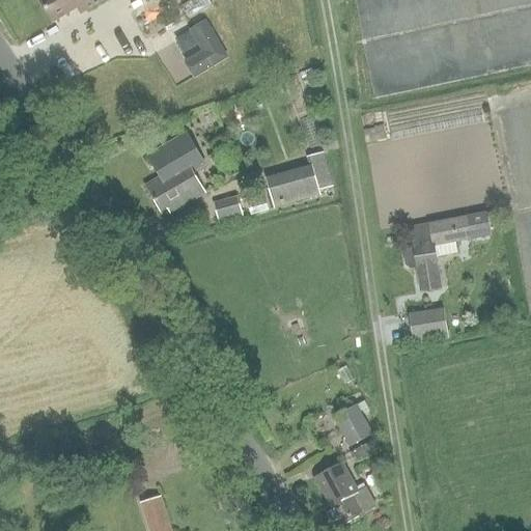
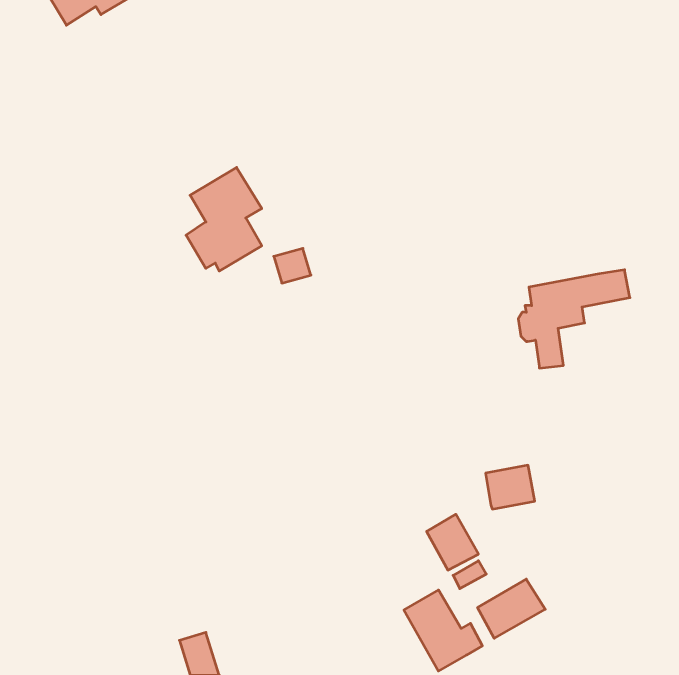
building: [185,17,227,75] -> none
building: [266,149,332,206] -> none
building: [410,306,448,340] -> [486,465,535,509]
building: none -> [478,579,545,638]

